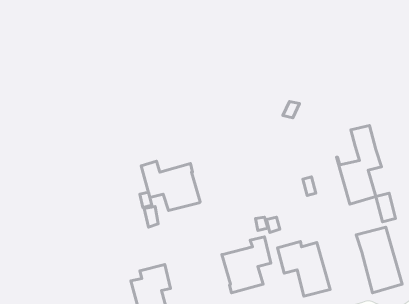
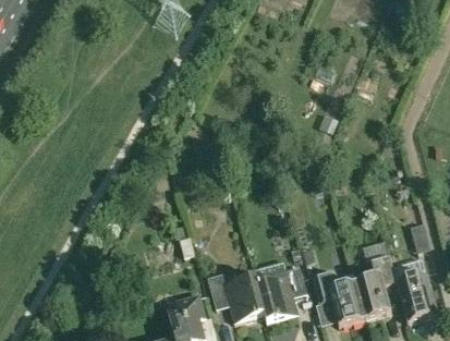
building: [337,125,381,204] -> [352,241,397,319]
building: [141,161,200,211] -> [207,273,266,322]

